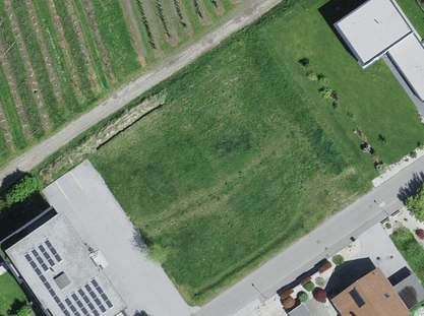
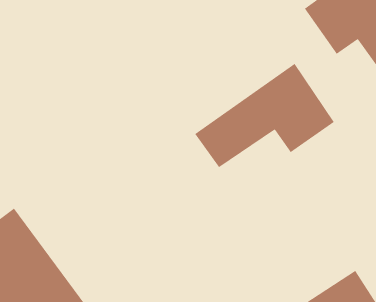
building: none -> [194,63,335,168]

